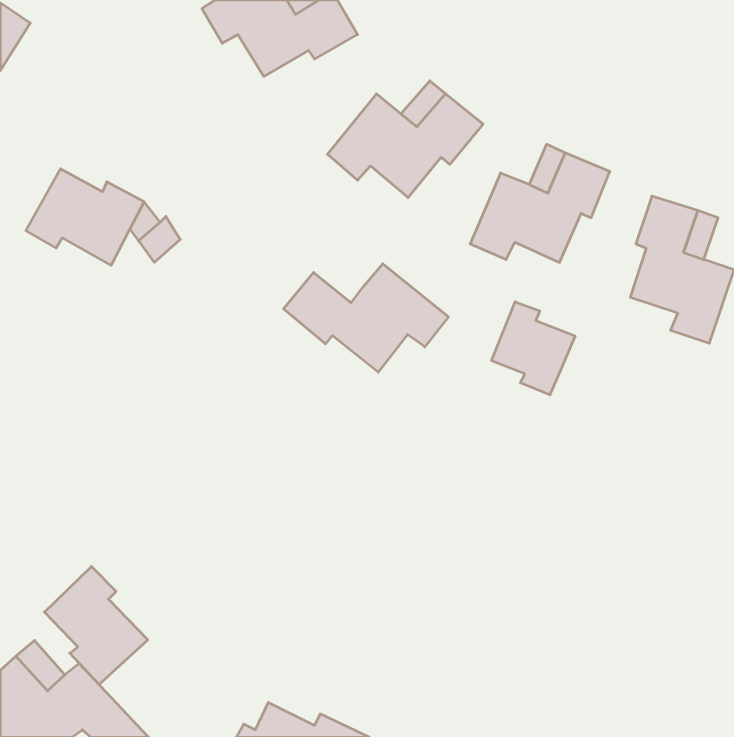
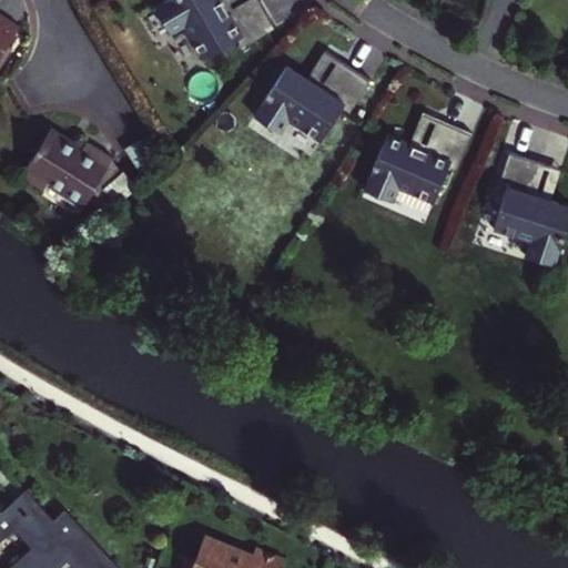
building: [284,264,448,372] -> none
building: [492,302,575,395] -> none
building: [44,566,148,684] -> none

